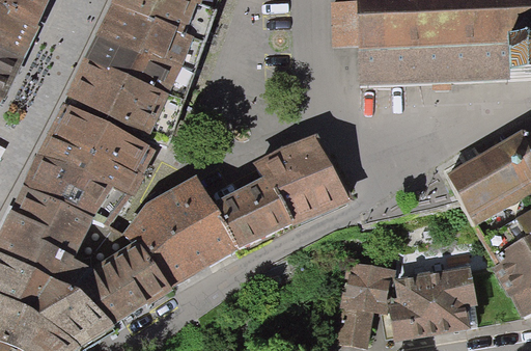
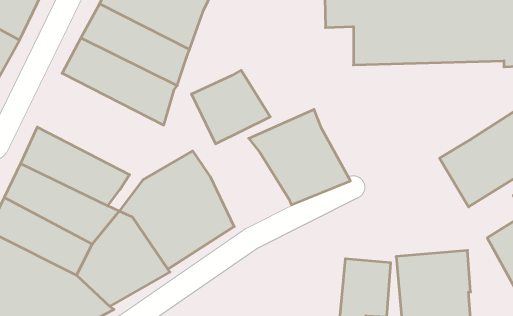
building: [40,100,155,193] -> none
building: [214,171,292,245] -> [191,70,270,144]

